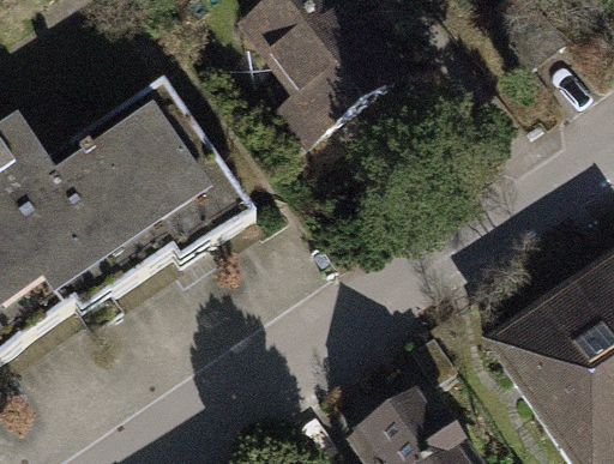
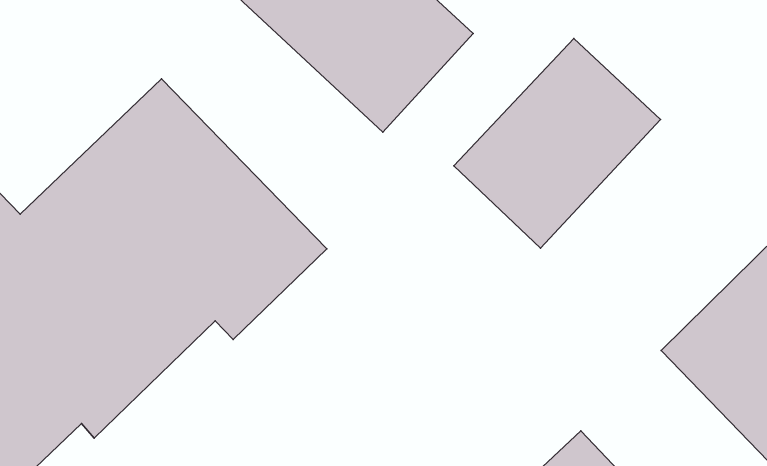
building: none -> [454,39,661,248]

